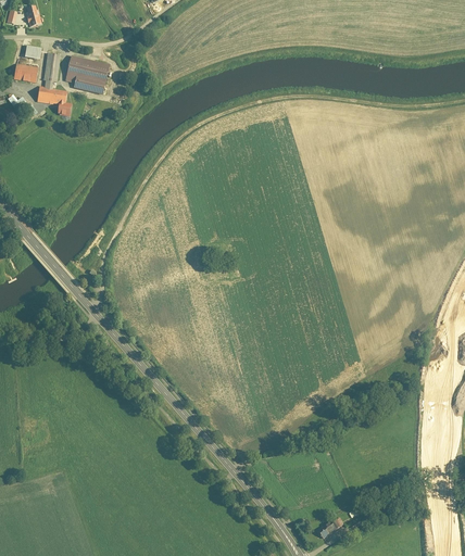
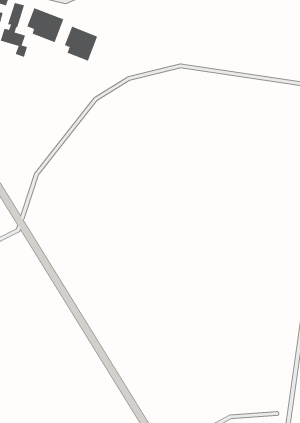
building: none -> [64,26,98,62]

